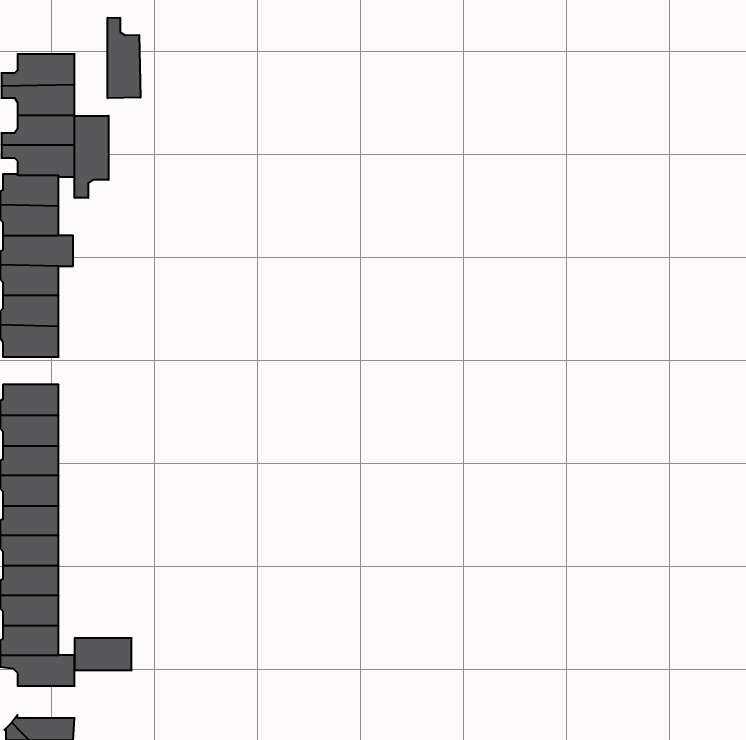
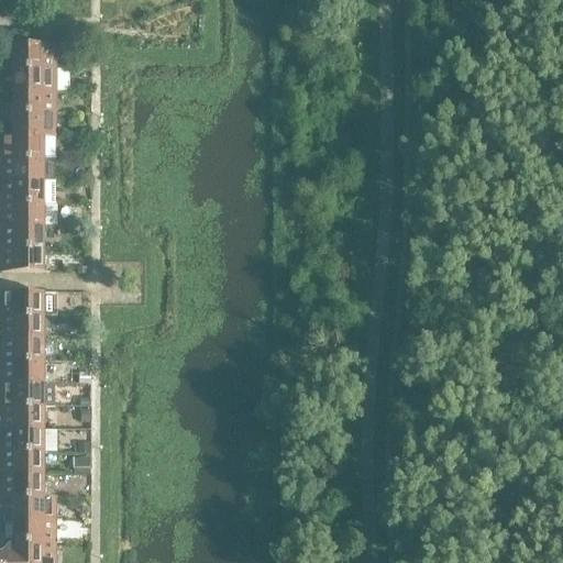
building: [108,18,140,98] -> none
building: [75,116,109,198] -> none
building: [75,638,132,670] -> [14,516,57,540]

